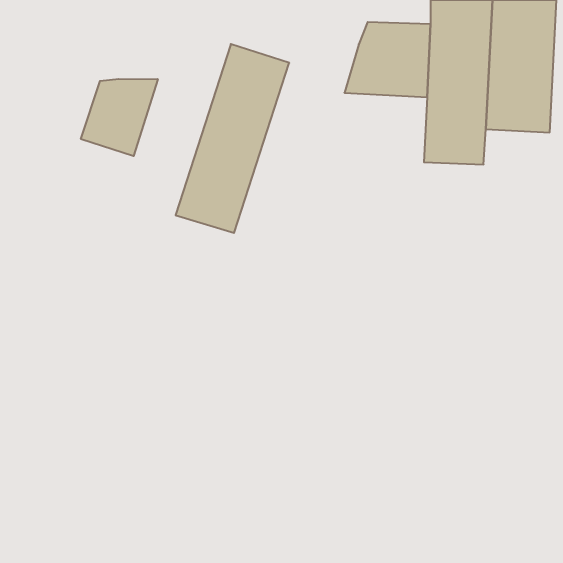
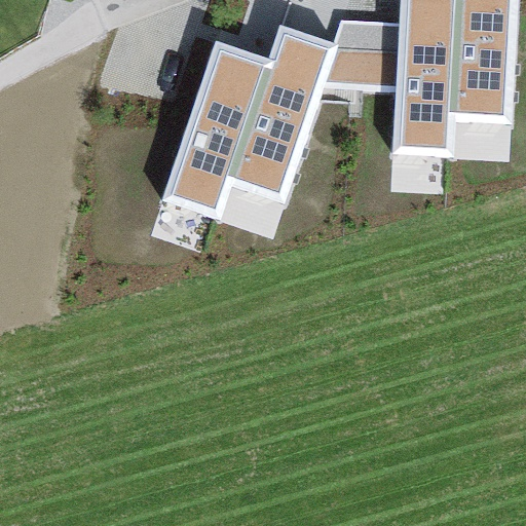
building: none -> [229,26,335,203]
building: [81,79,158,156] -> none

